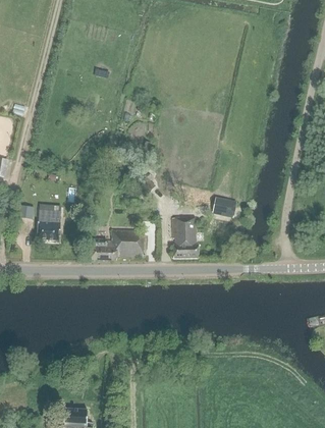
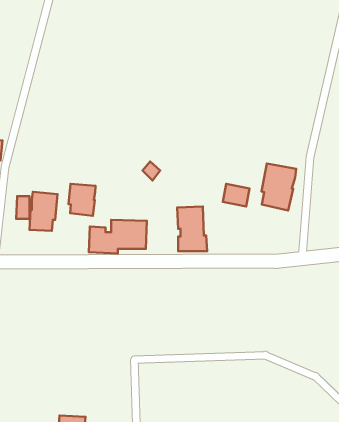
building: none -> [262,163,296,210]
building: none -> [69,184,95,216]

